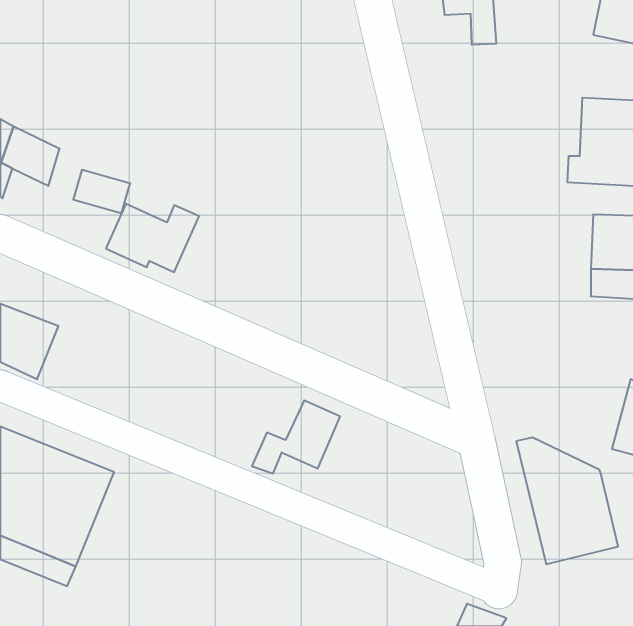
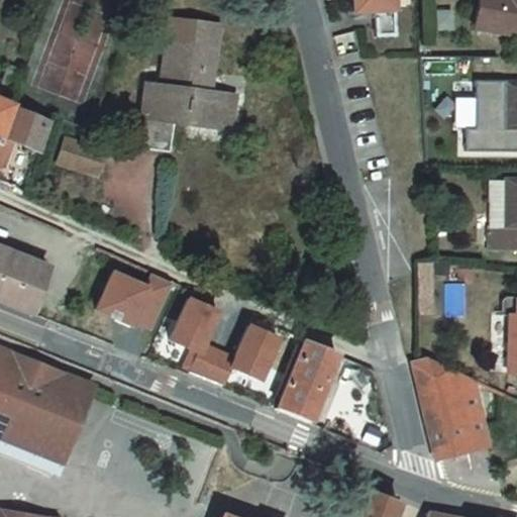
building: none -> [139,18,234,147]
building: [106,204,199,272] -> [96,272,172,327]
building: none -> [170,299,218,380]
building: none -> [277,338,337,426]

